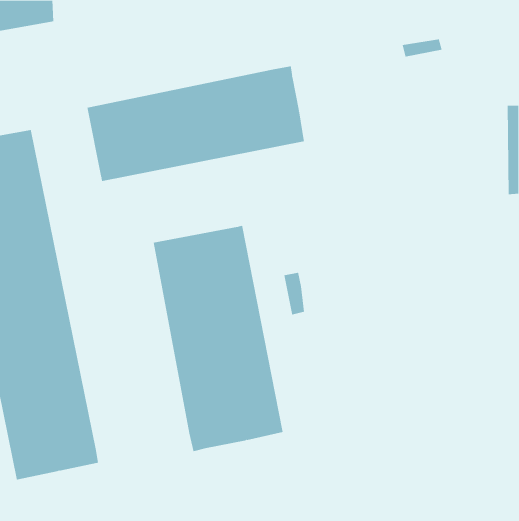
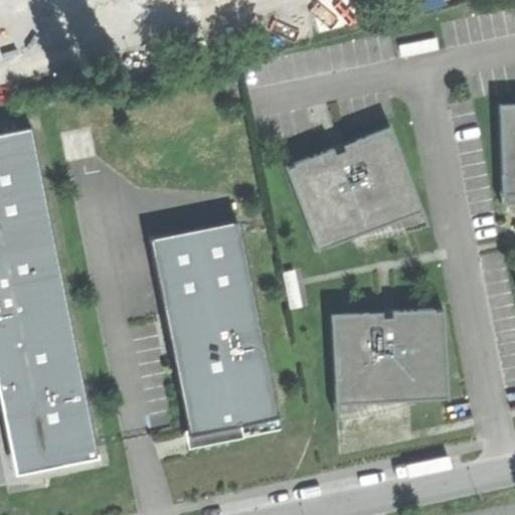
building: [87,66,305,182] -> none
building: none -> [284,127,426,253]
building: none -> [330,306,448,404]

